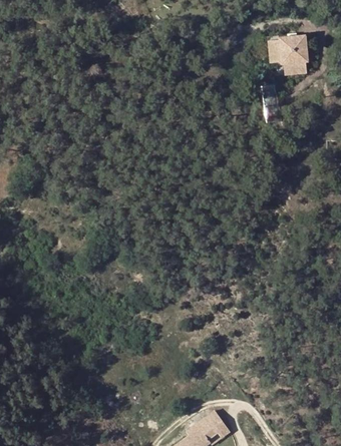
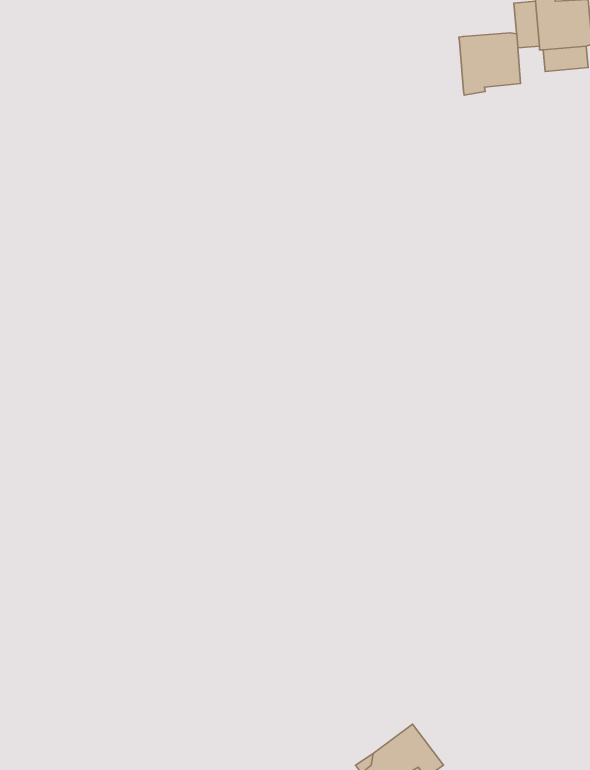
building: none -> [459,33,521,95]

